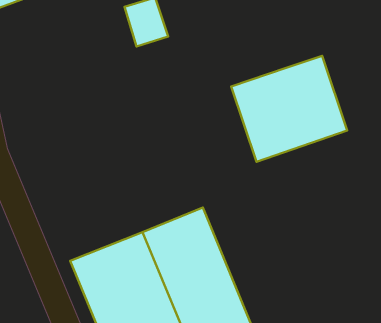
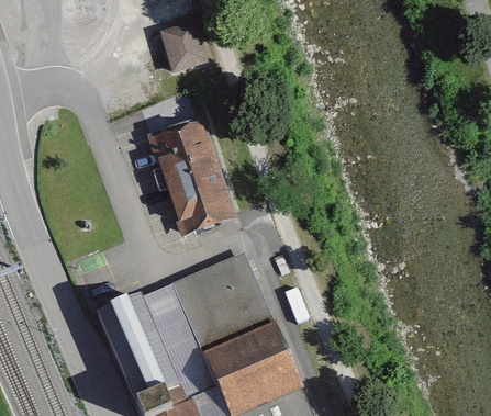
building: [231,56,347,162] -> none
building: none -> [153,115,245,241]

